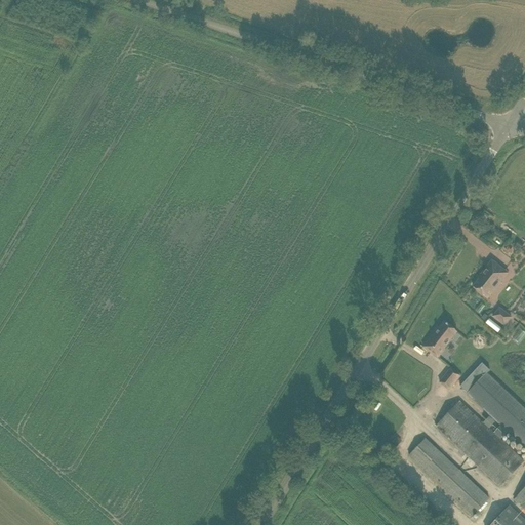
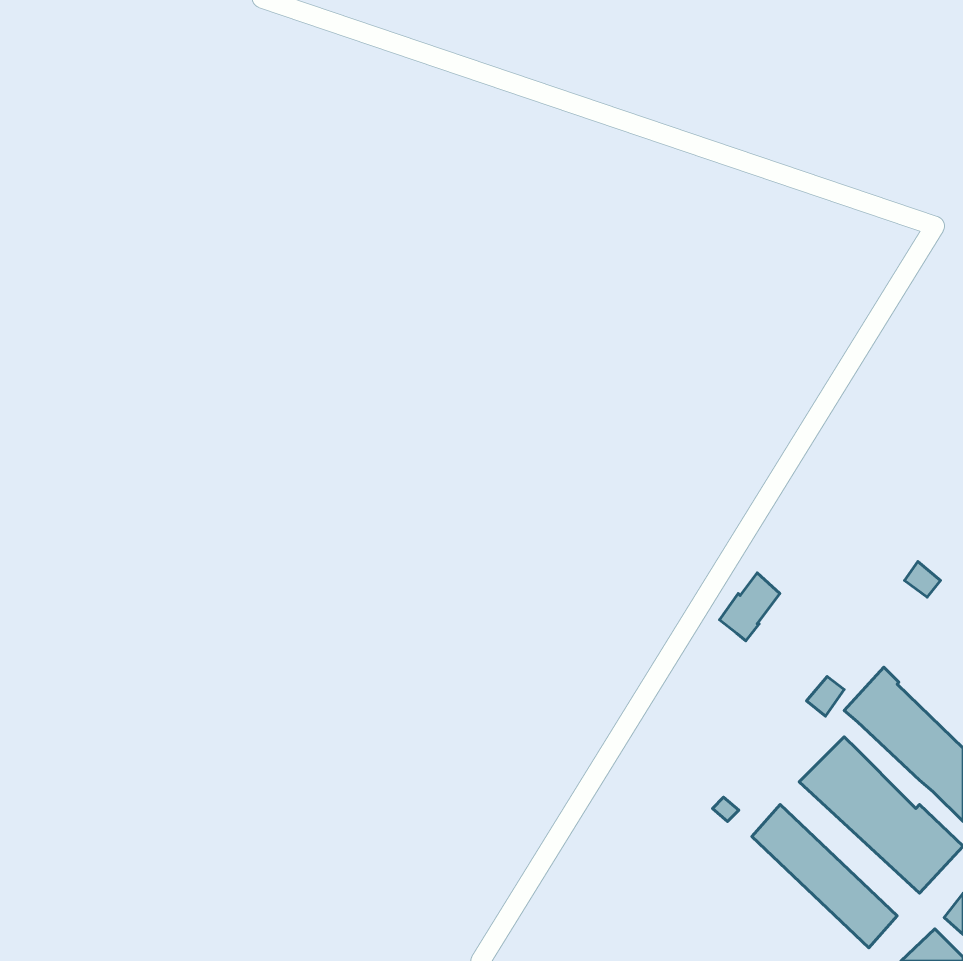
building: [473,259,508,298] -> none
building: [423,321,456,358] -> [719,573,780,641]

